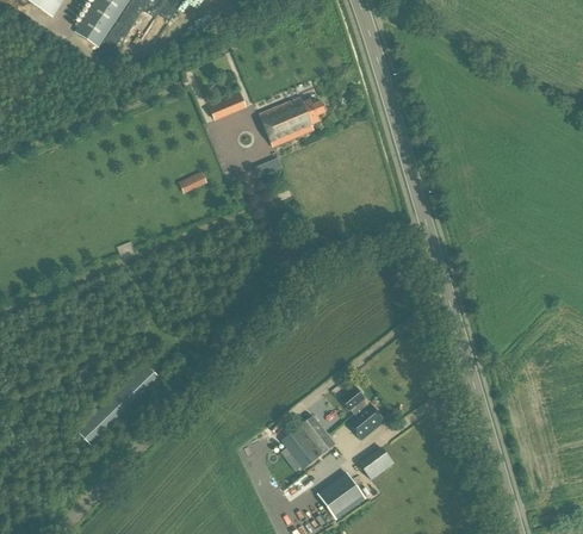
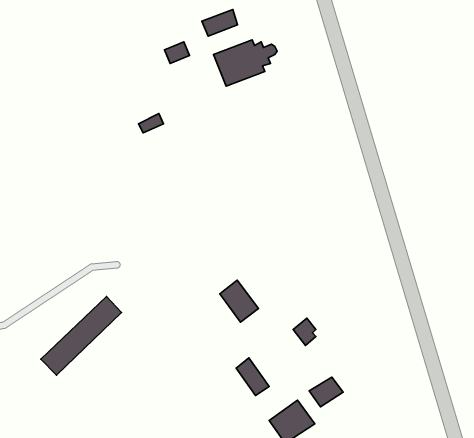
building: none -> [202,9,238,36]
building: [347,403,385,440] -> none
building: [296,414,336,458] -> [220,280,259,322]

